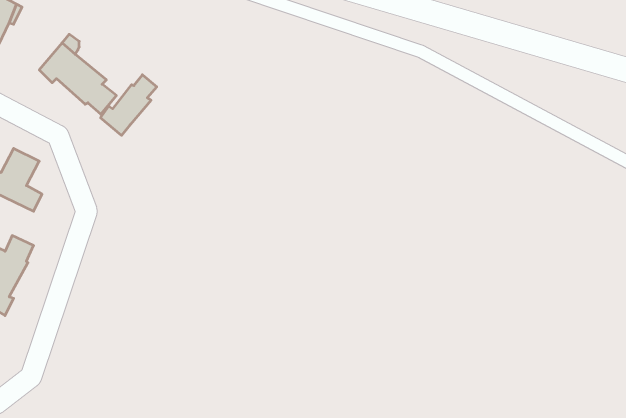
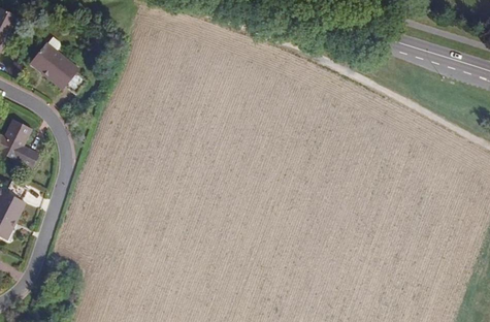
building: [101,75,157,135] -> none

